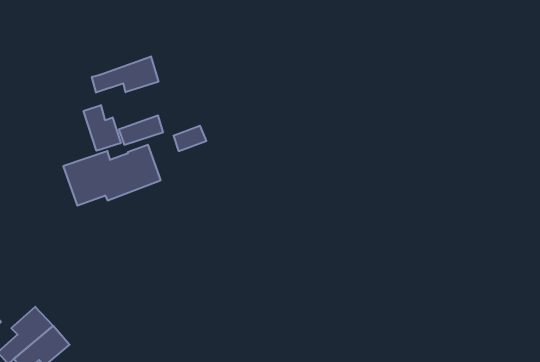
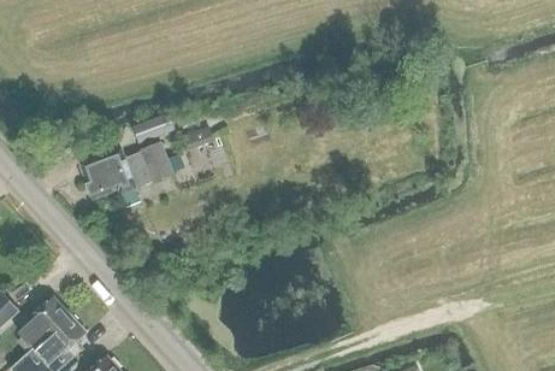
building: [92,56,158,93] -> none
building: [84,105,121,151] -> none

